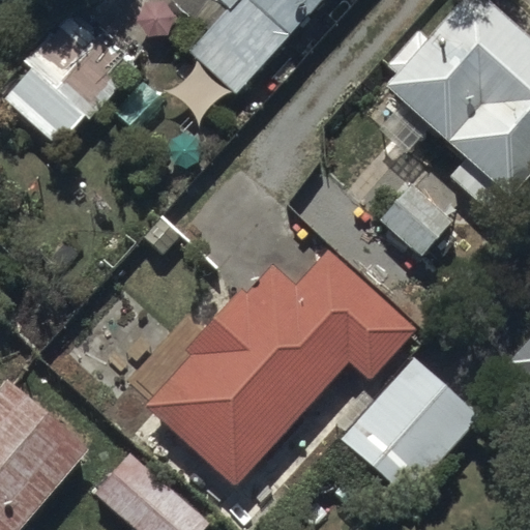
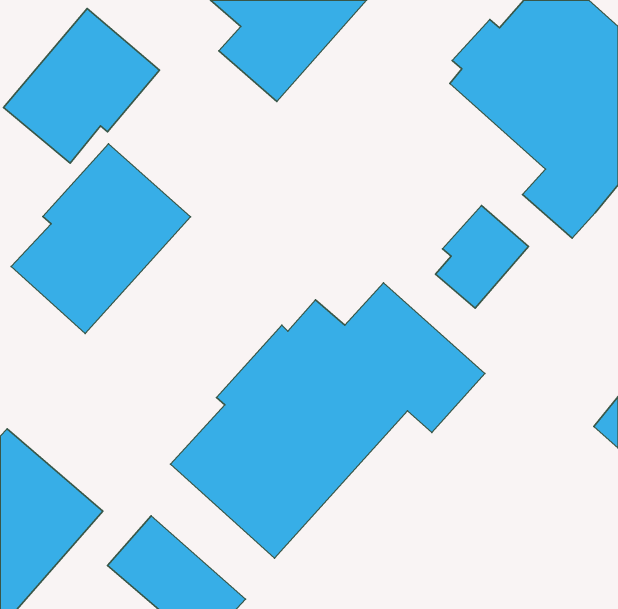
building: none -> [11,144,190,333]
building: [324,356,480,510] -> none

